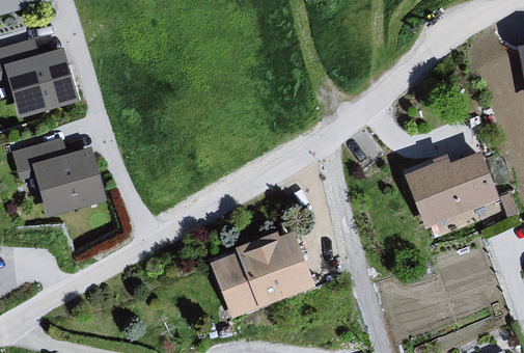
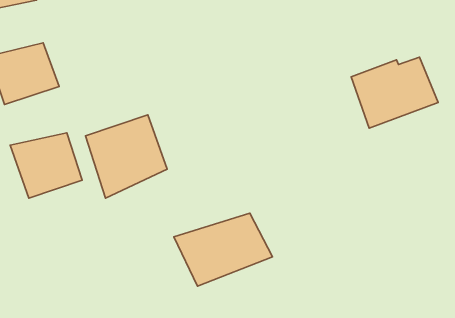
building: none -> [86,115,167,198]
building: [401,150,496,227] -> [351,57,438,128]

